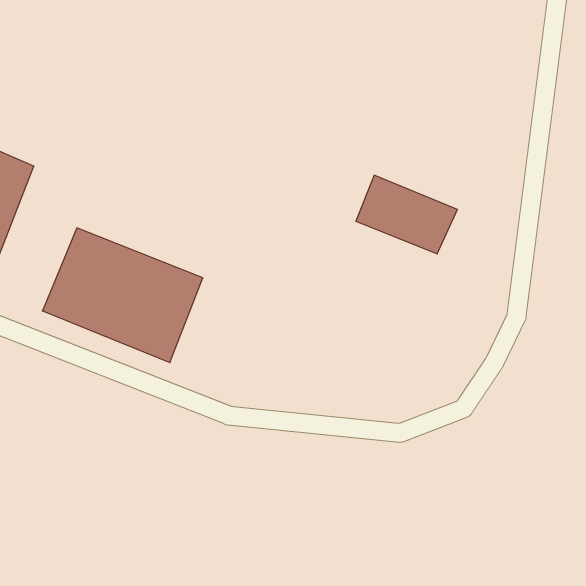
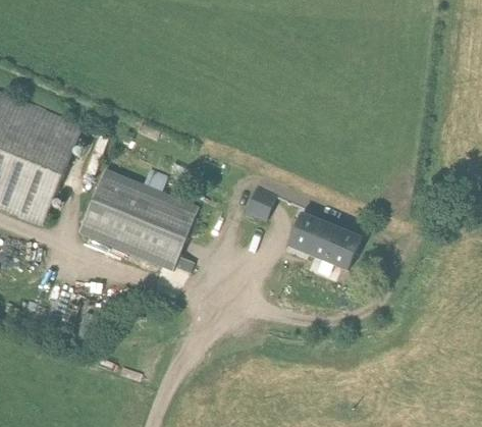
building: [356,175,457,254] -> [289,211,362,267]
building: none -> [243,182,278,218]

